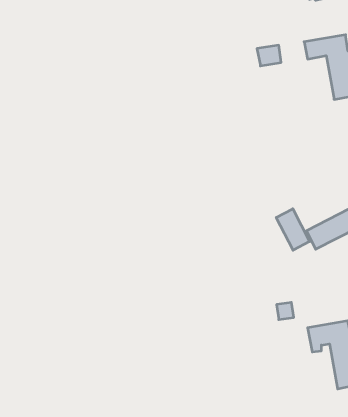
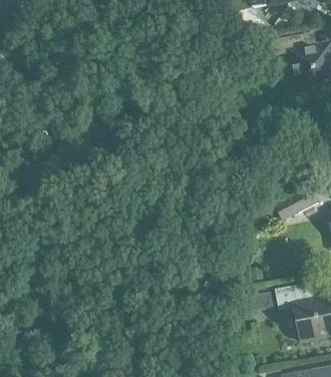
building: [276,209,310,250] -> none

